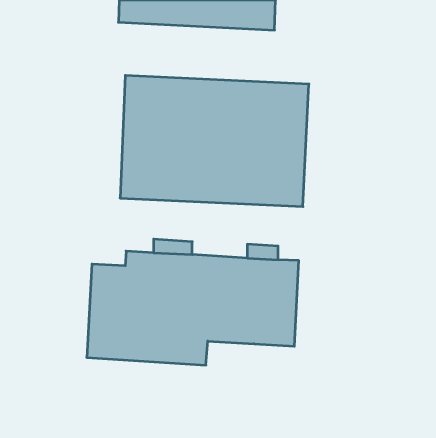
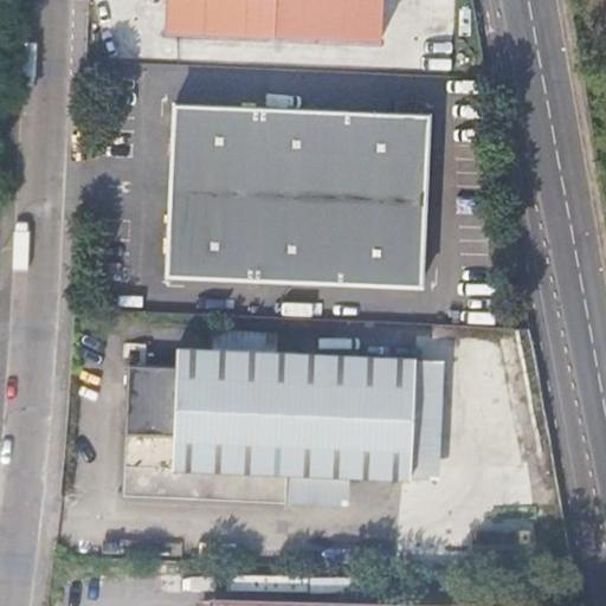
building: none -> [410,360,444,479]
building: none -> [288,471,354,508]

